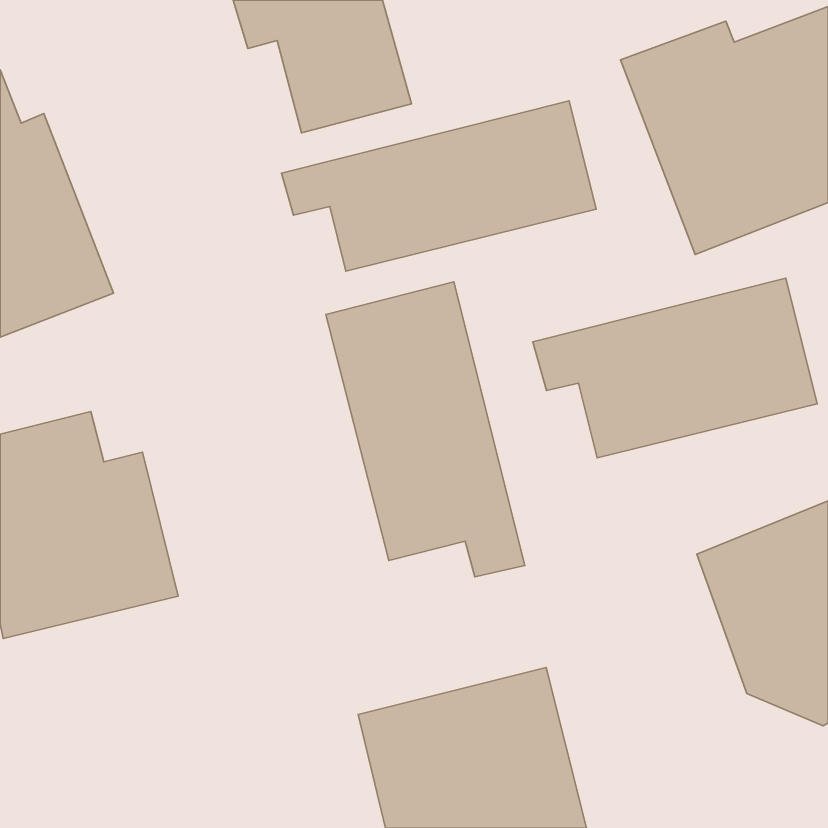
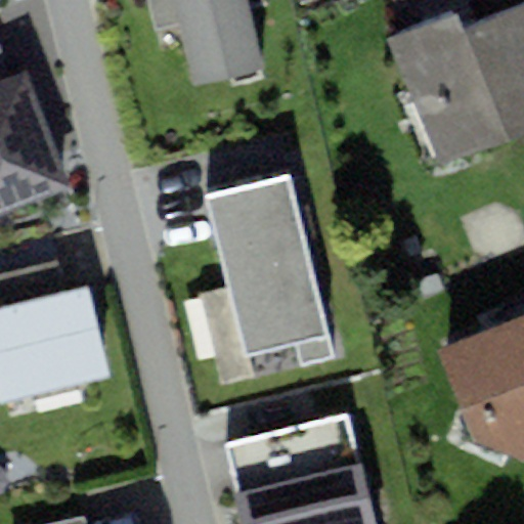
building: [282,101,596,271] -> none
building: [533,278,817,458] -> none

